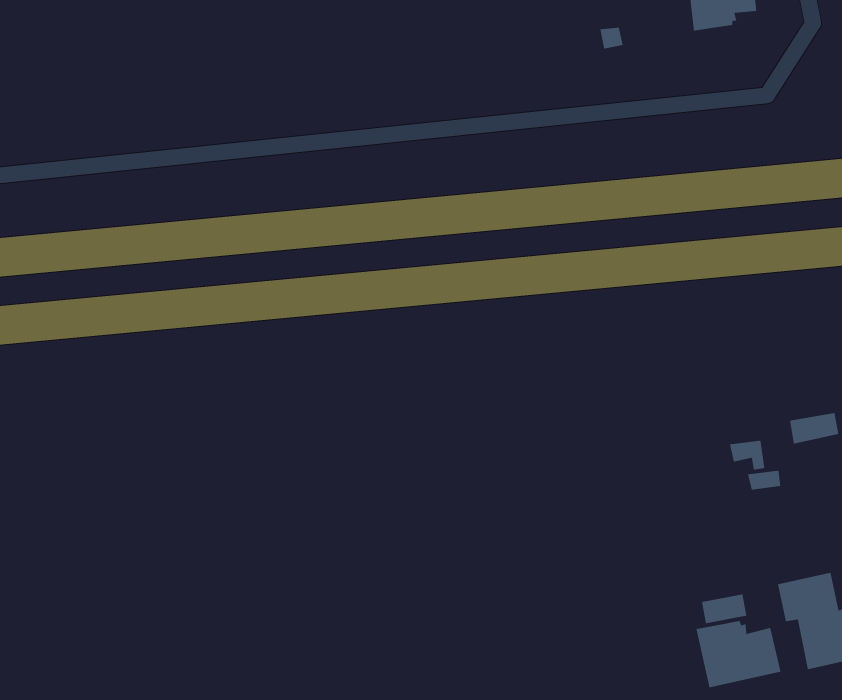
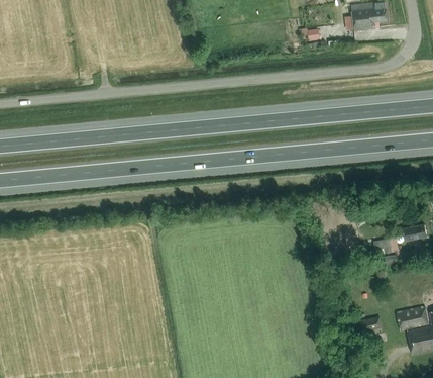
building: [696,620,781,688] -> none

